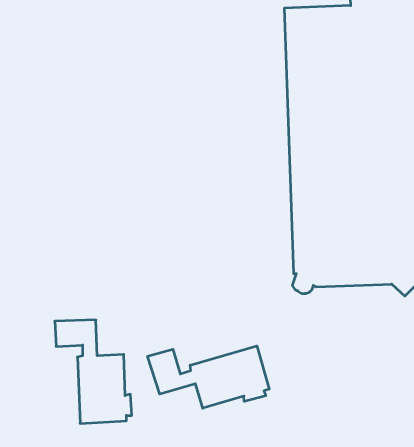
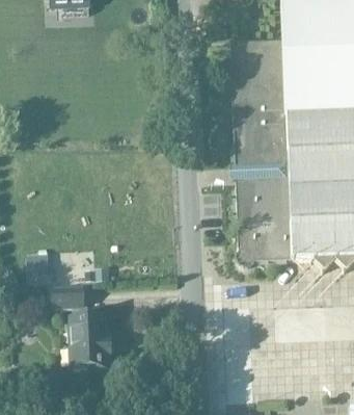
building: [148,346,269,408] -> none

